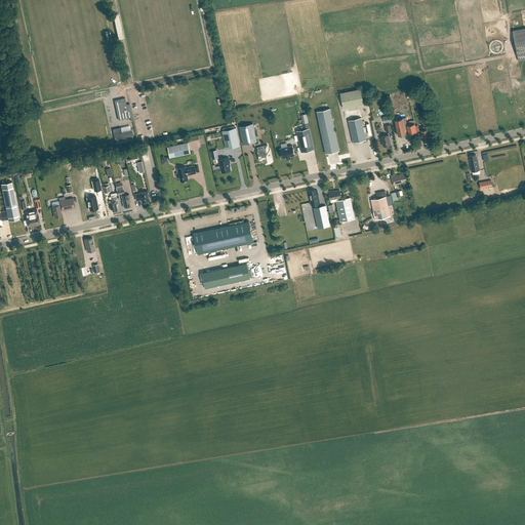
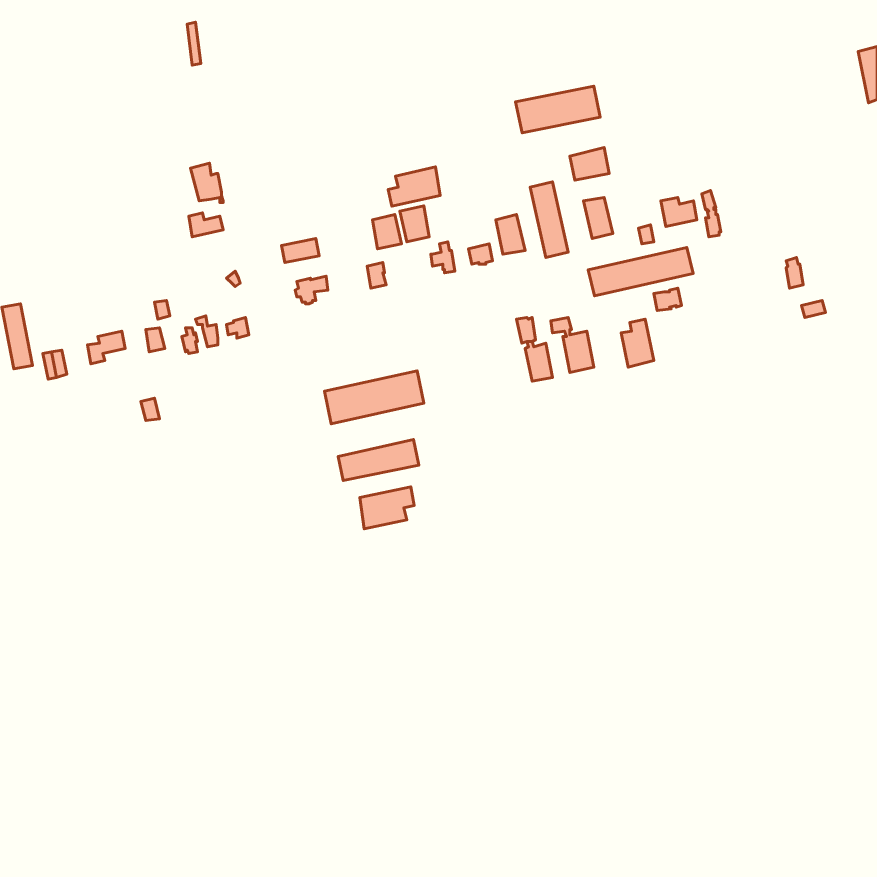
building: none -> [516,86,600,133]
building: none -> [388,167,440,206]
building: none -> [588,247,693,296]
building: none -> [360,487,414,529]

